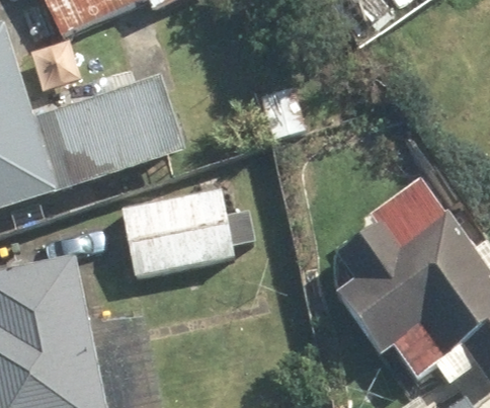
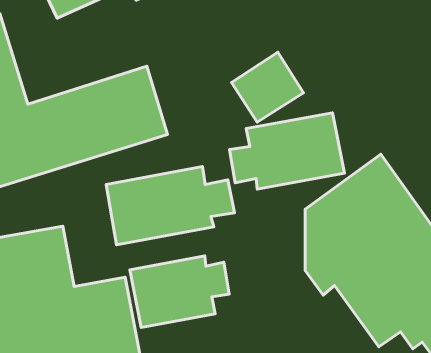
building: none -> [229,113,344,189]
building: none -> [130,256,229,327]

